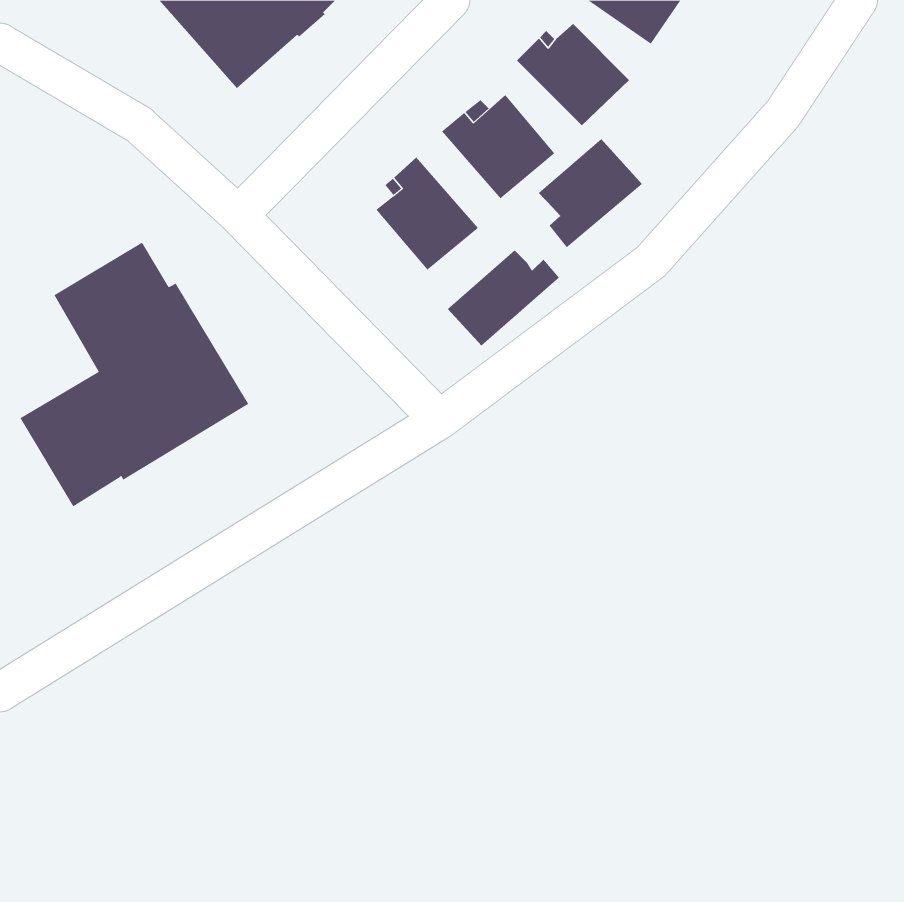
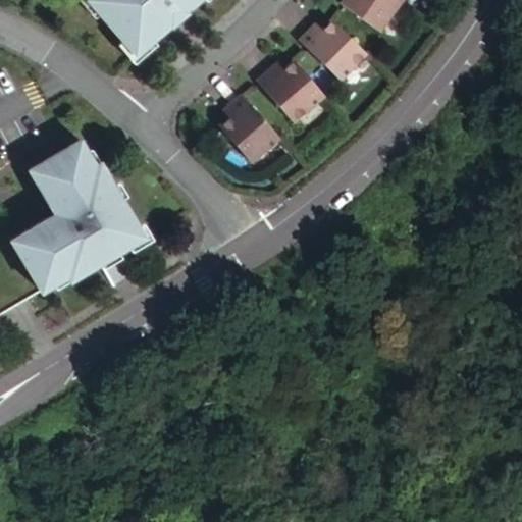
building: [538,138,643,248] -> none
building: [447,249,560,346] -> none

